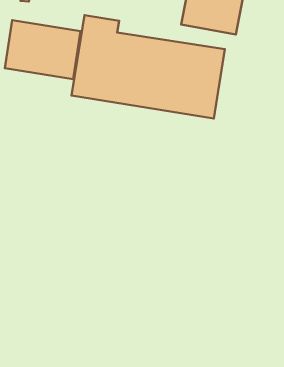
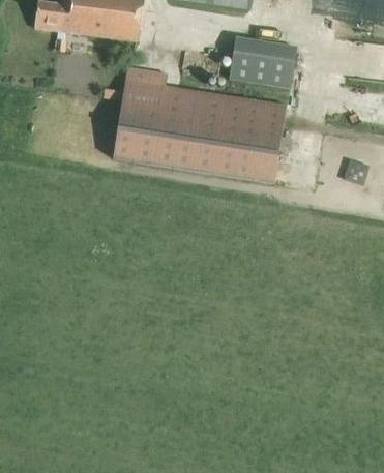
building: [5,20,81,79] -> none

